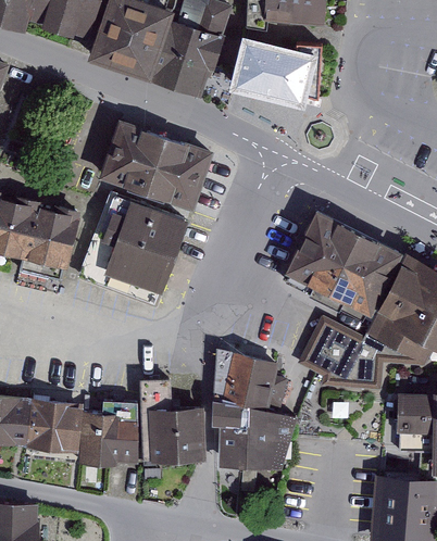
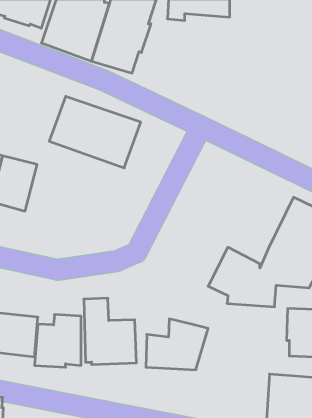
building: [227,35,322,110] -> none
building: [77,194,187,307] -> none
building: [285,210,404,320] -> none
building: [212,349,287,429] -> none

